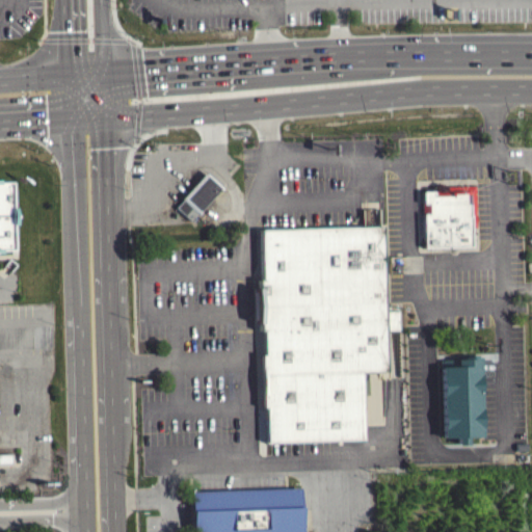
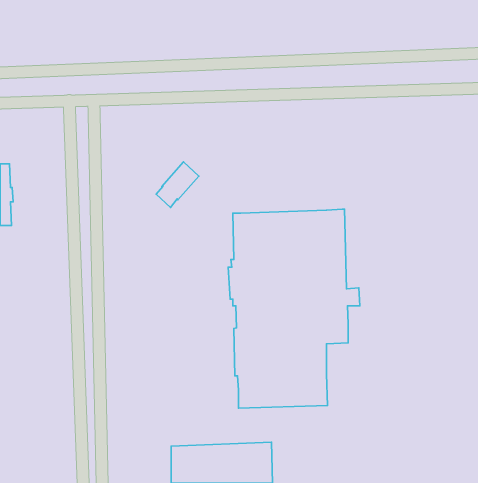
building: [427,183,481,244] -> none
building: [441,353,487,438] -> none

